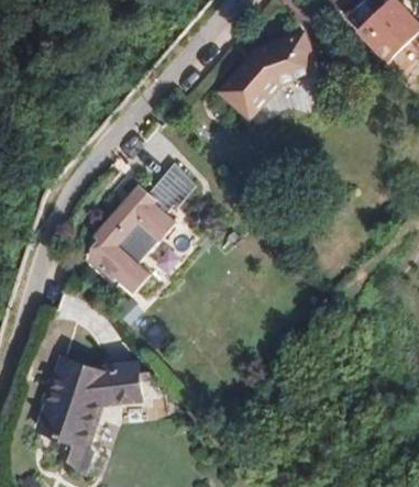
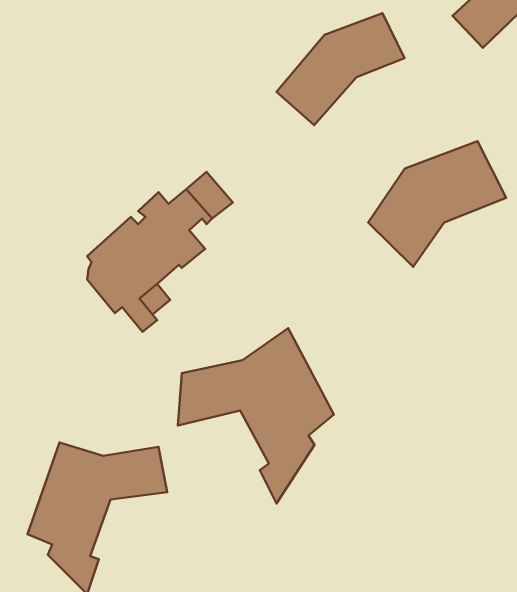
building: none -> [368,141,506,267]
building: none -> [178,328,334,503]

